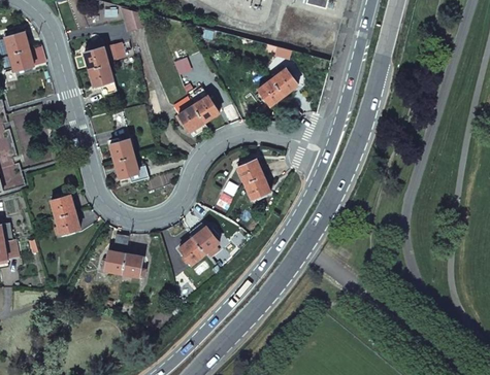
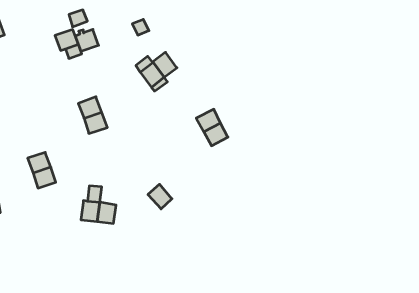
building: [84,47,108,70] -> [75,29,99,51]
building: [258,69,297,106] -> none
building: [191,227,219,254] -> none

